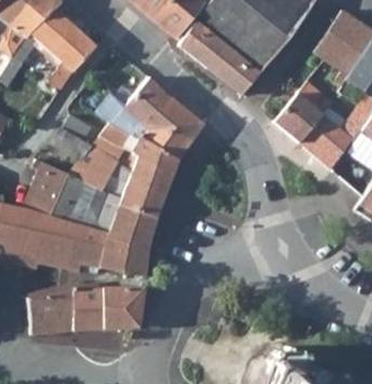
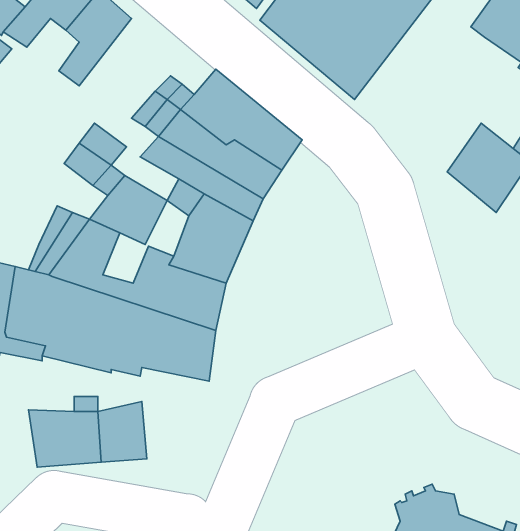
building: [272,77,329,143] -> none
building: [101,289,143,328] -> none

